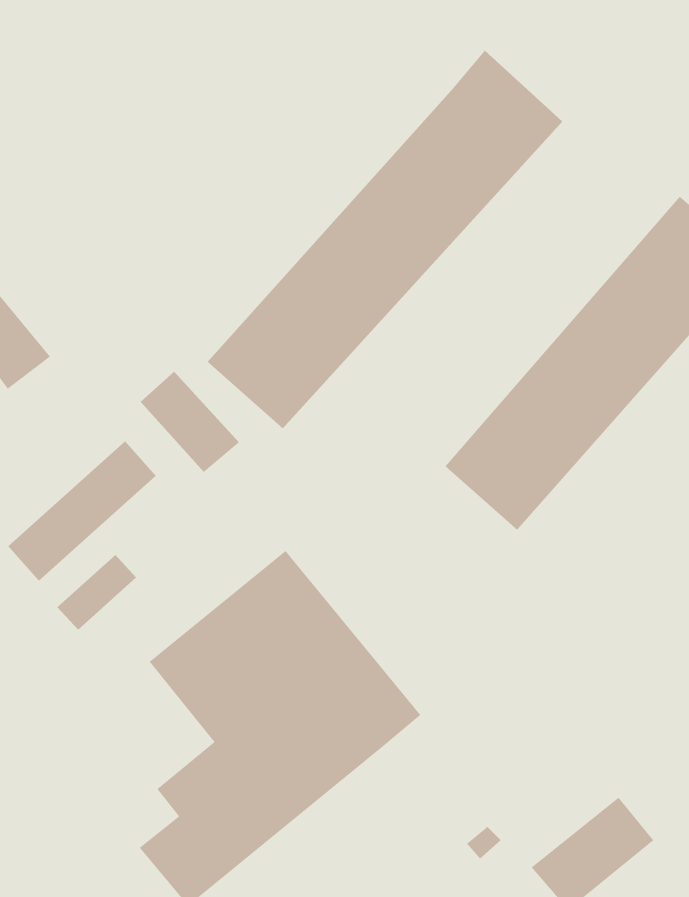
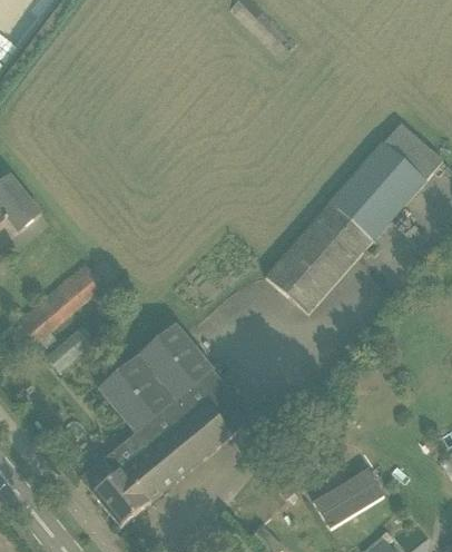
building: [207,50,563,429] -> none
building: [140,371,240,473] -> none

